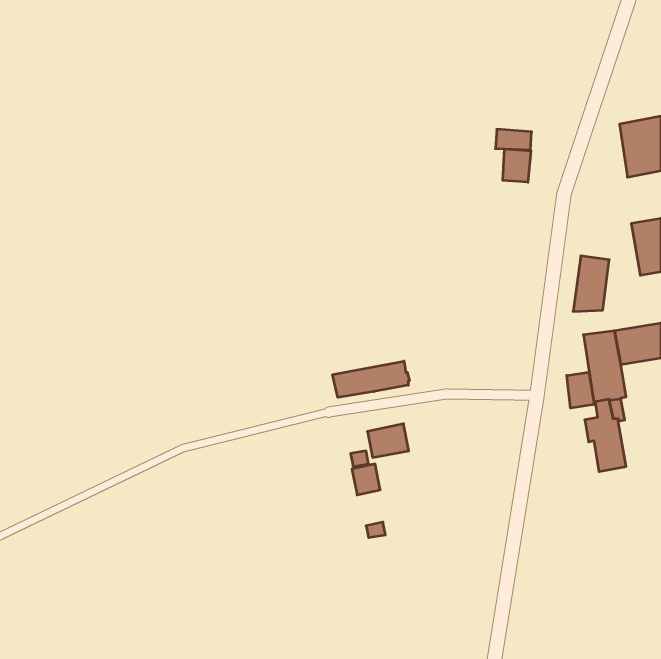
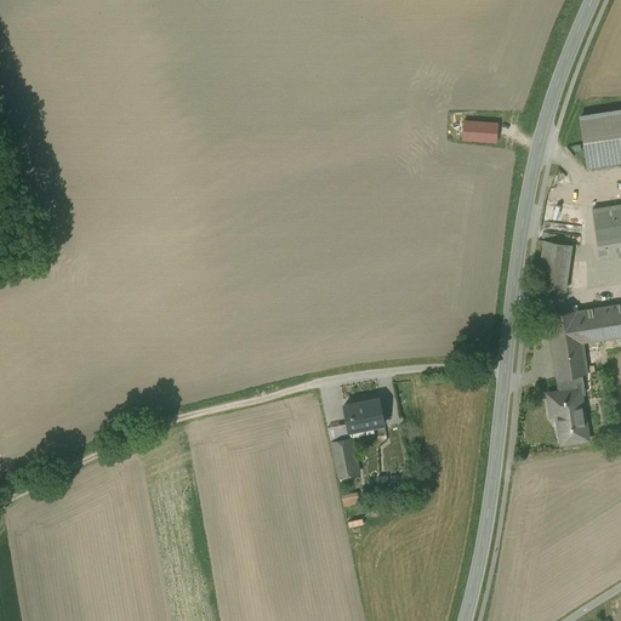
building: [503,149,531,182] -> none
building: [333,361,409,397] -> none
building: [567,372,594,408] -> none

